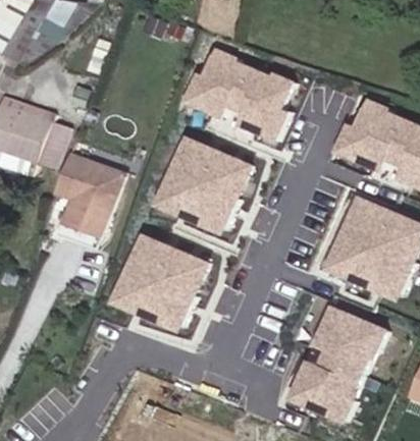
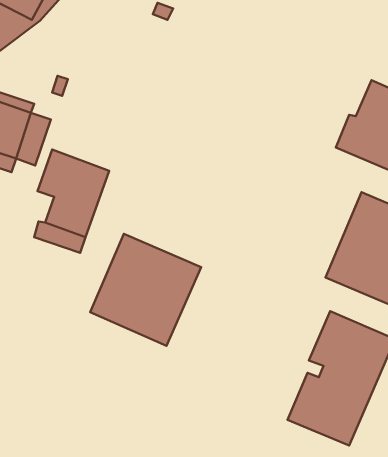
building: [181,46,293,142] -> none
building: [151,133,252,235] -> none

